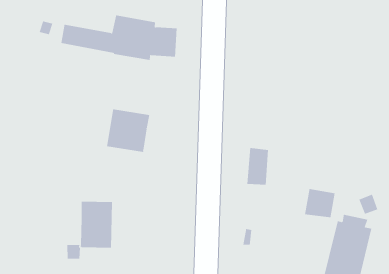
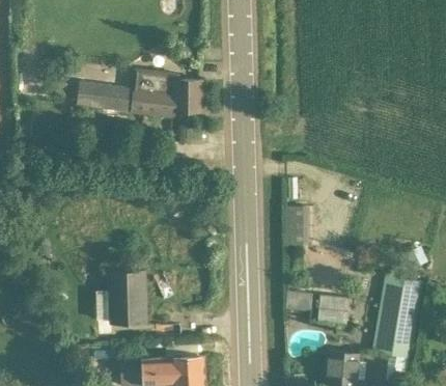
building: [106,109,150,153] -> none
building: [304,189,336,218] -> [317,295,350,325]

